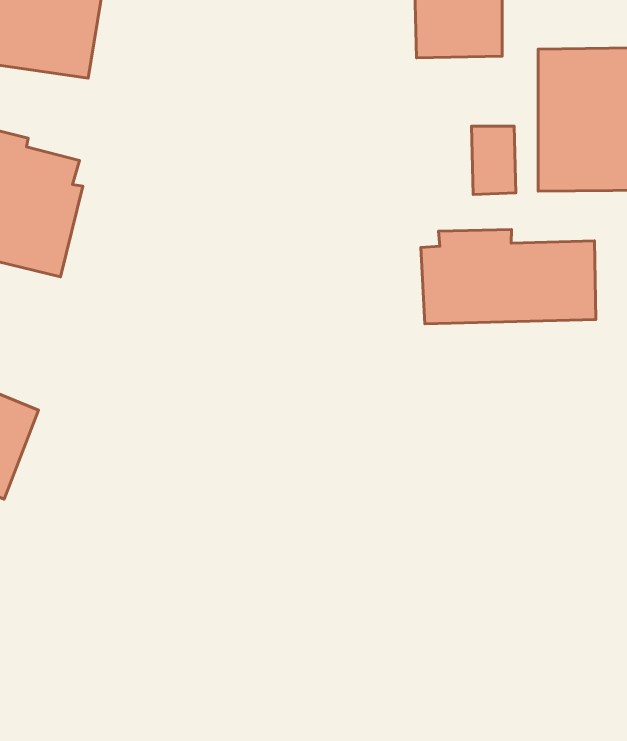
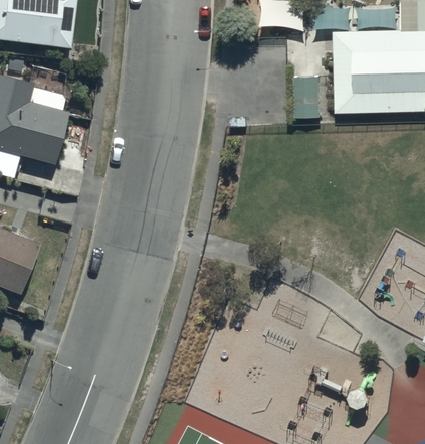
building: [421,229,596,324] -> none

